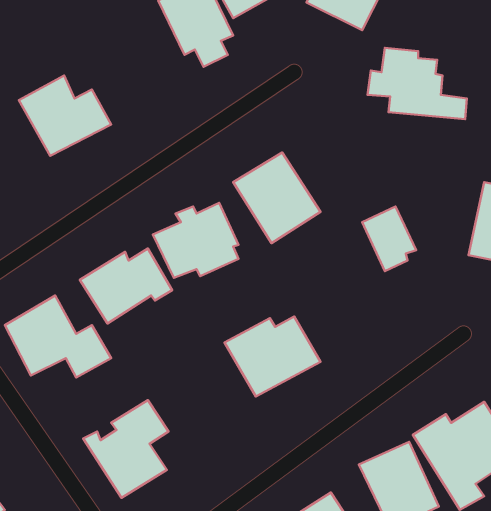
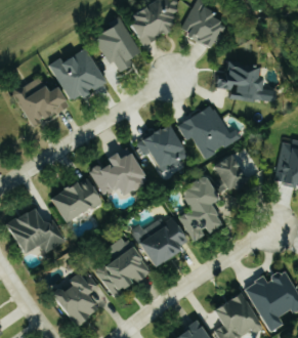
building: none -> [50,46,107,101]
building: none -> [179,104,242,160]
building: none -> [178,176,221,242]
building: none -> [96,248,148,293]

